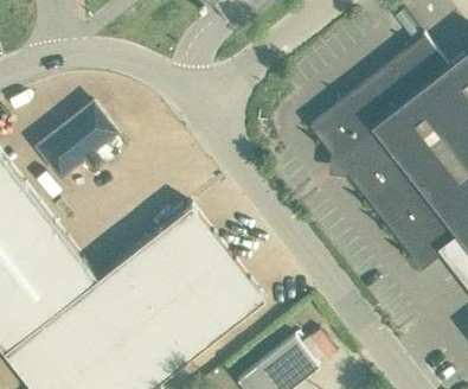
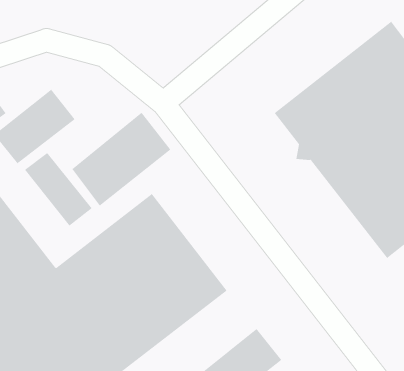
building: none -> [72,112,171,206]
building: none -> [24,152,93,227]

